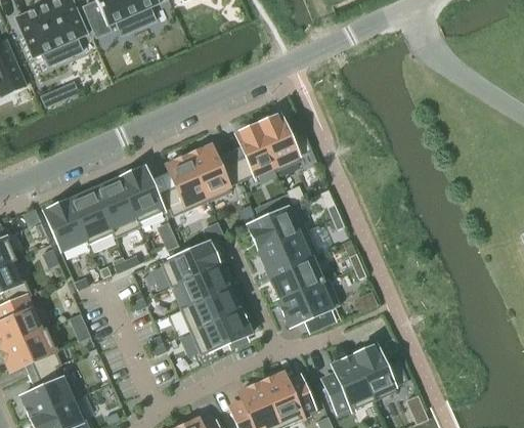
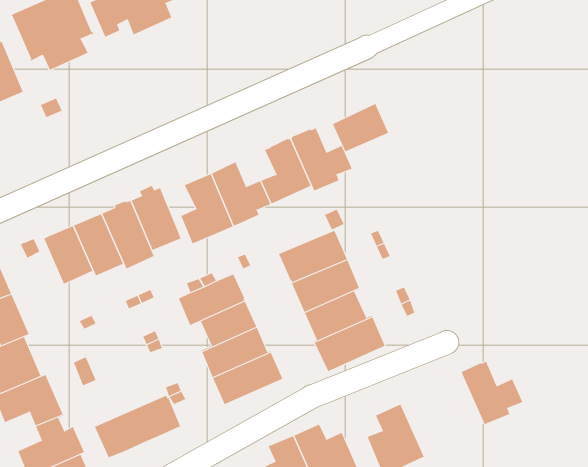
building: none -> [332,103,389,152]
building: [353,345,407,400] -> [461,361,523,425]
building: none -> [94,395,181,458]

